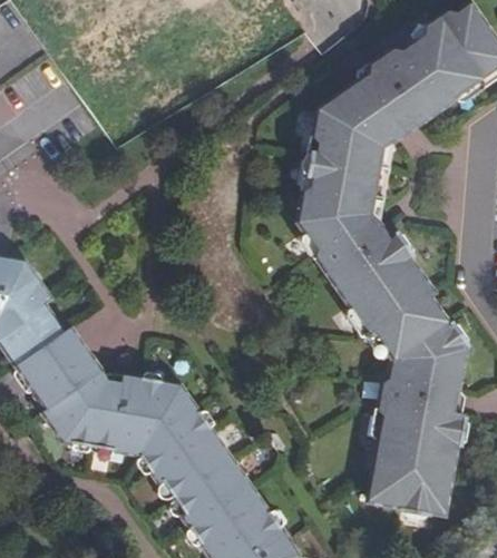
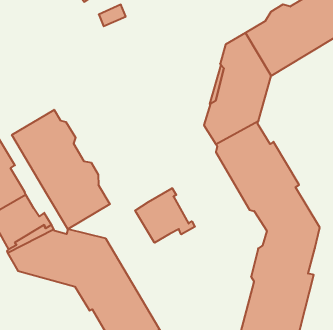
building: none -> [12,110,110,229]
building: none -> [135,188,195,243]

